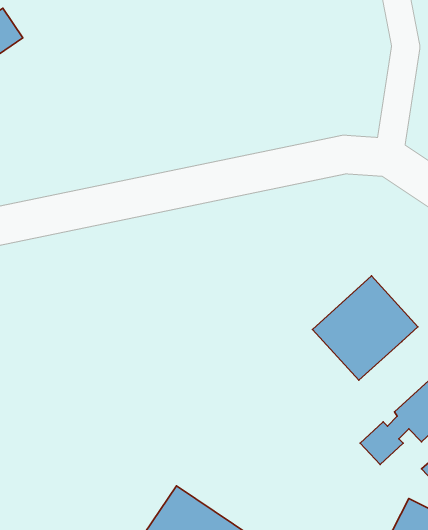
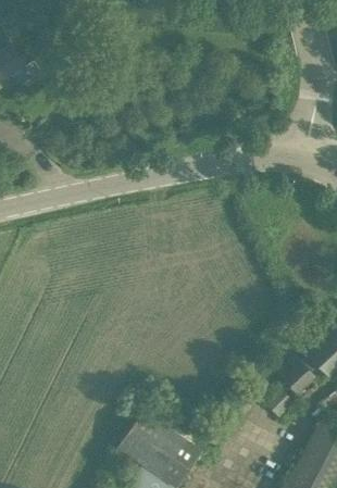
building: [313,276,418,380] -> none

